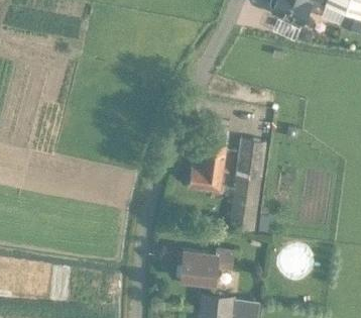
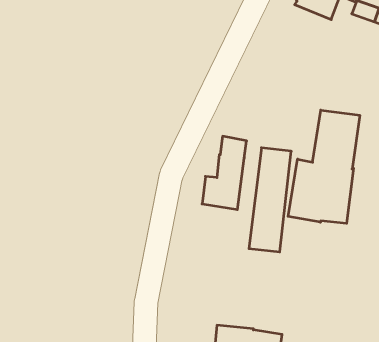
building: none -> [288,110,360,223]
building: [179,250,233,284] -> none

